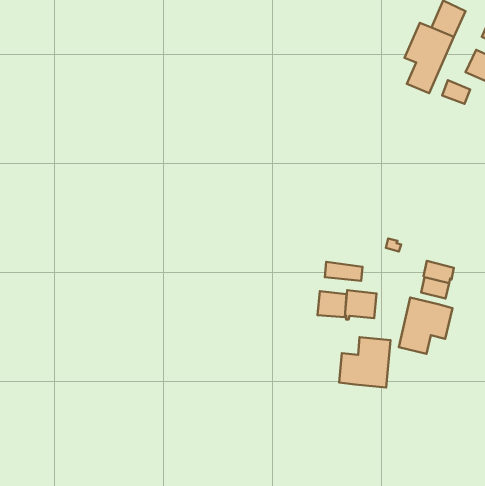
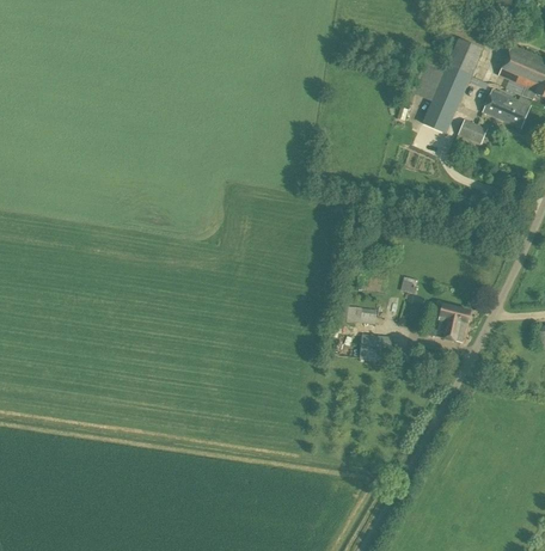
building: [317,291,346,317] -> none
building: [399,297,453,354] -> none
building: [339,337,390,388] -> none

